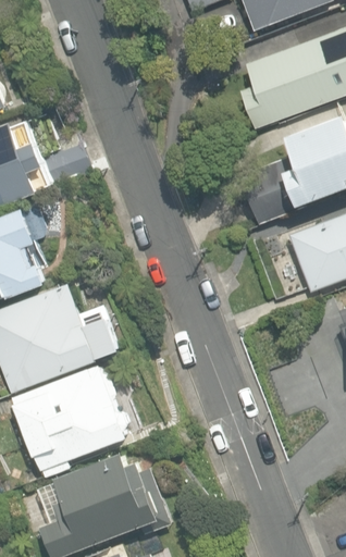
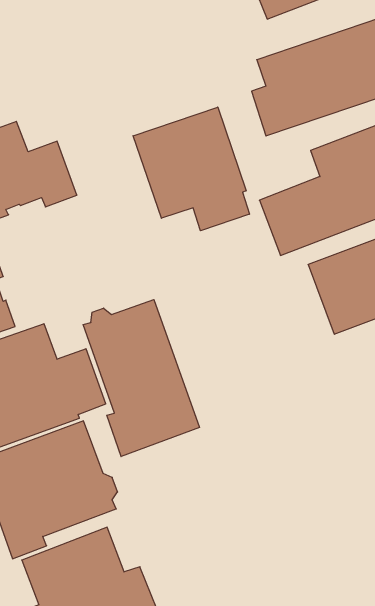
building: none -> [133,107,249,231]
building: none -> [83,300,199,457]

